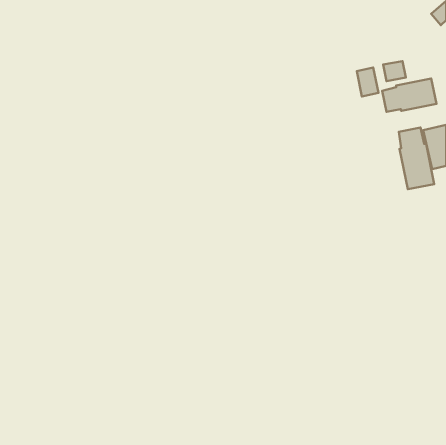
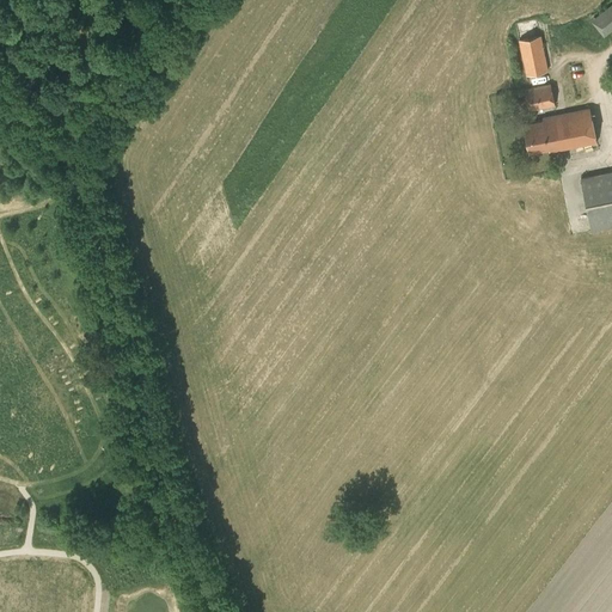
building: [357,68,379,96] -> [519,37,549,76]
building: [399,128,434,189] -> none

